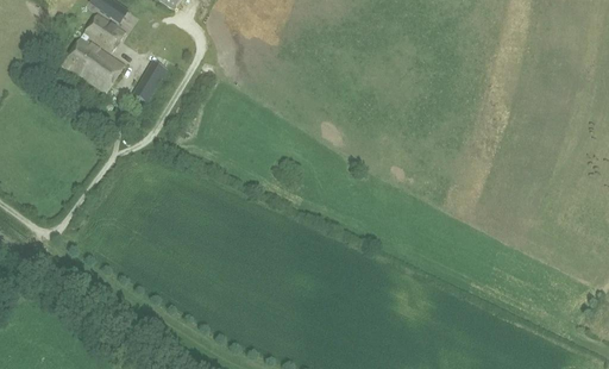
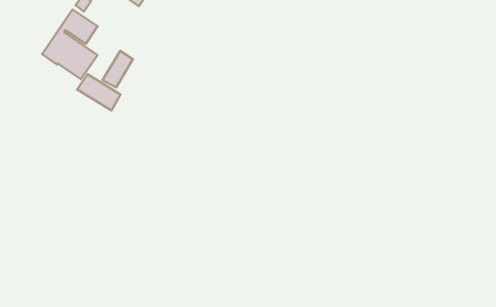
building: none -> [77,74,120,111]

